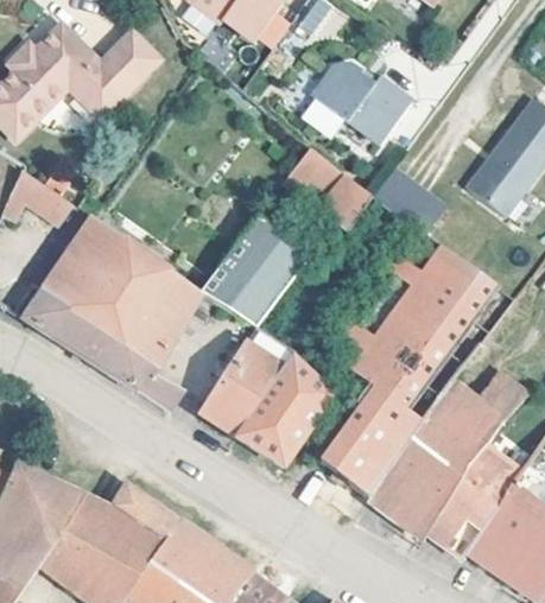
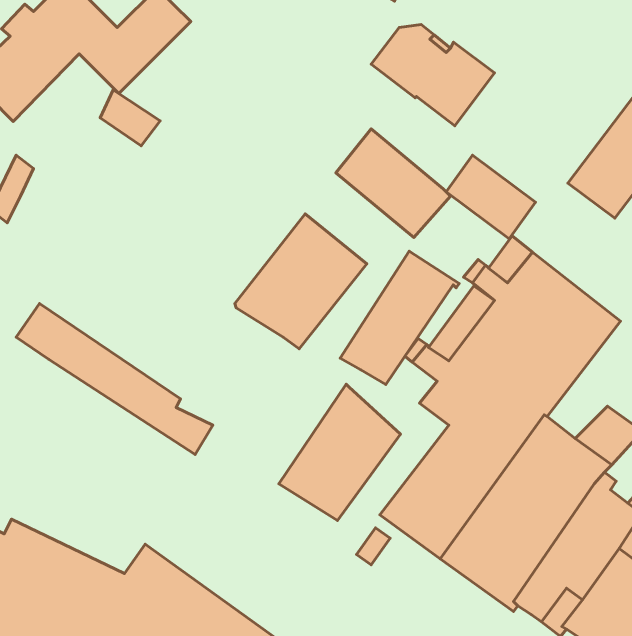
building: [25,179,74,224] -> [100,90,160,146]
building: [40,215,199,366] -> none
building: [197,326,293,434] -> [340,251,459,385]

